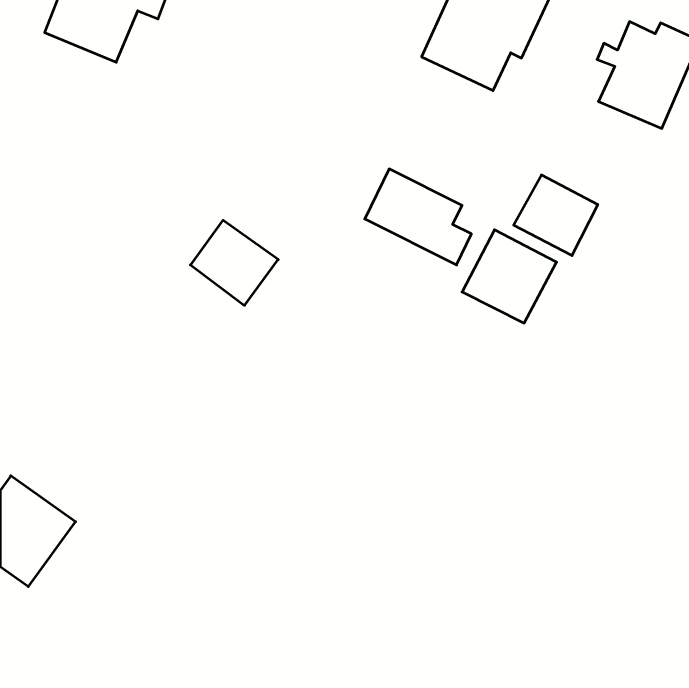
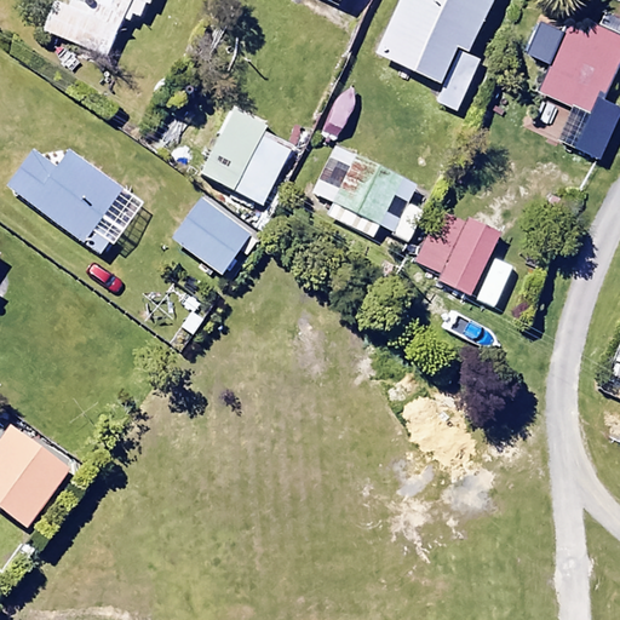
building: none -> [209,128,293,201]
building: none -> [8,149,122,253]
building: [514,175,598,256] -> none

